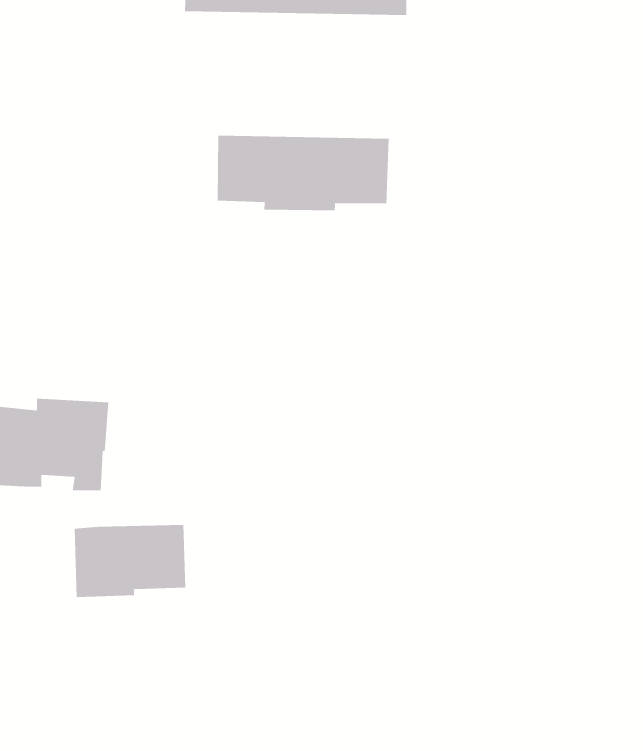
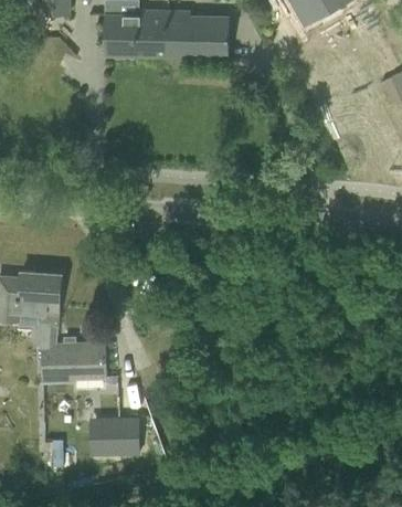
building: [217,135,389,211] -> none
building: none -> [89,416,139,455]

